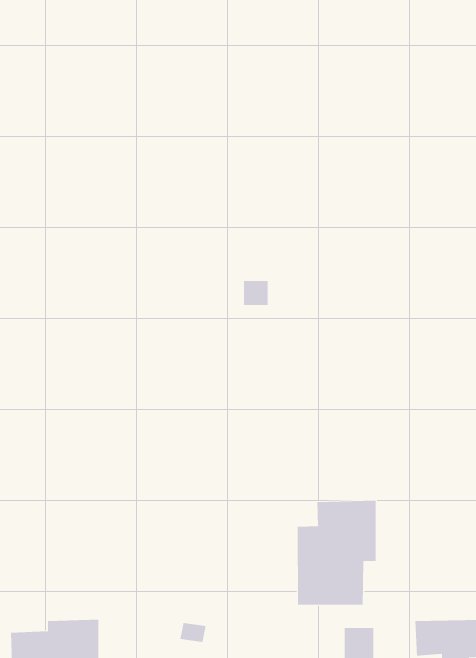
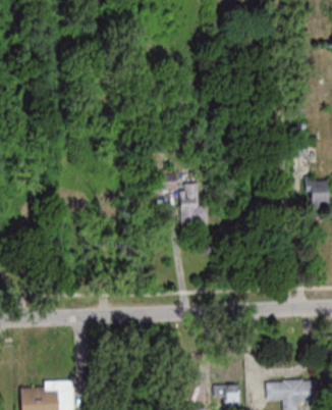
building: none -> [181,184,208,223]
building: [297,500,376,606] -> none

